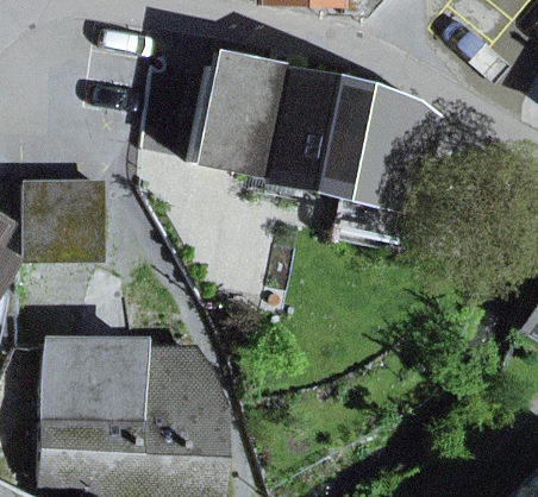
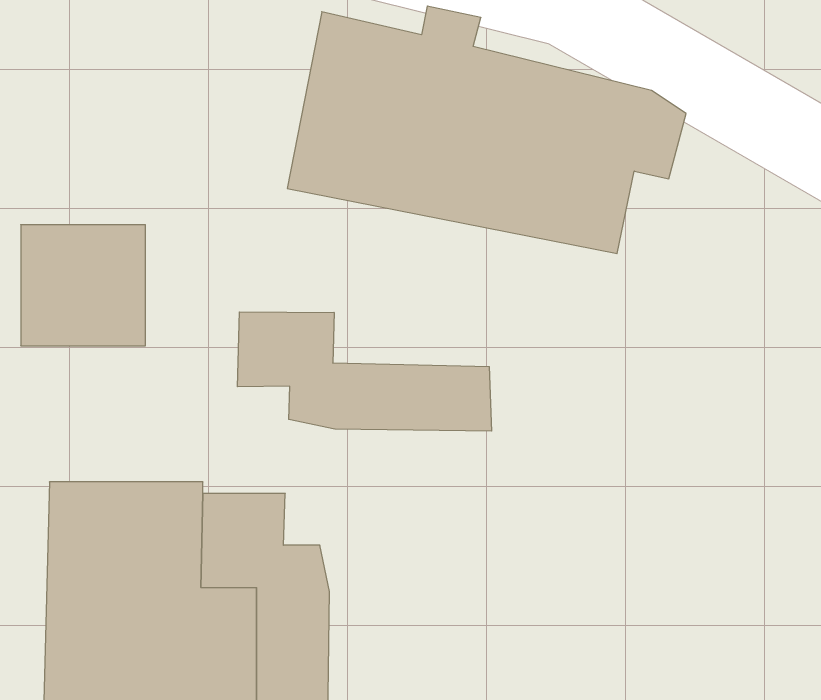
building: none -> [237,312,491,431]

